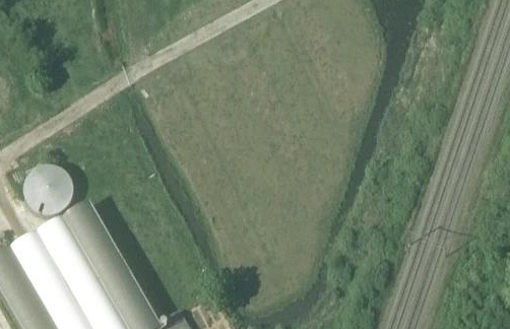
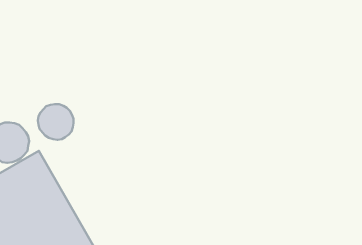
building: none -> [38,104,74,140]

